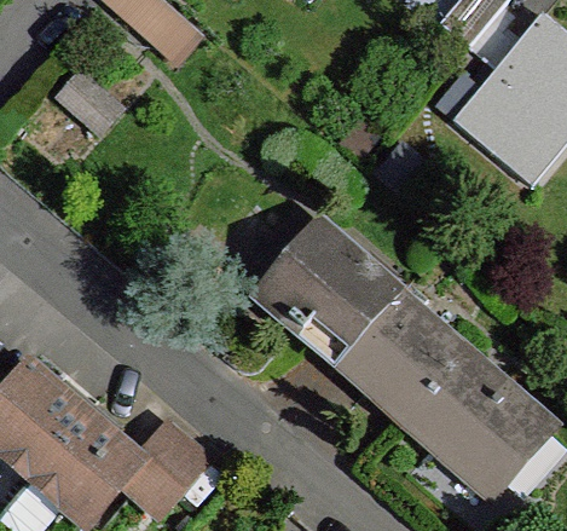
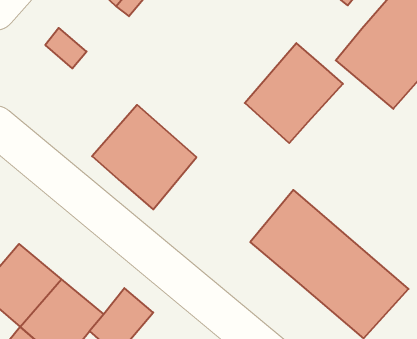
building: none -> [245,43,343,143]
building: [258,223,398,363] -> [92,105,196,209]

